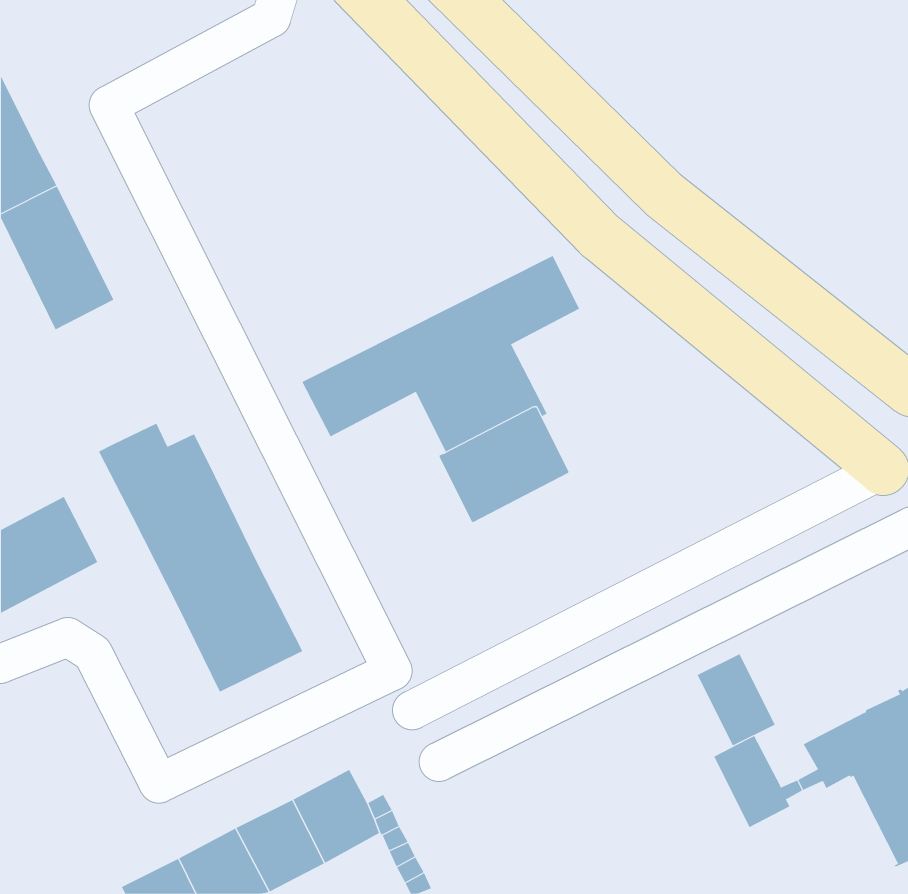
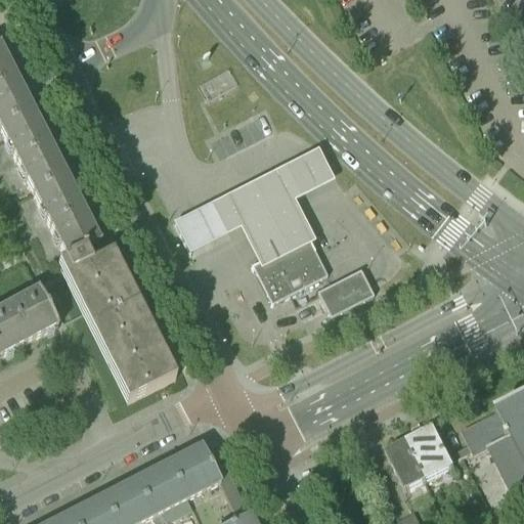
building: none -> [34,172,100,255]
building: none -> [318,266,375,313]
building: [697,653,775,746] -> [387,434,432,487]

